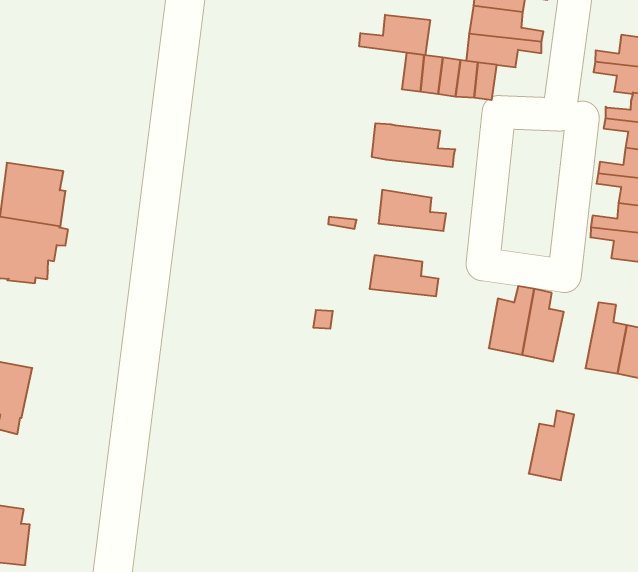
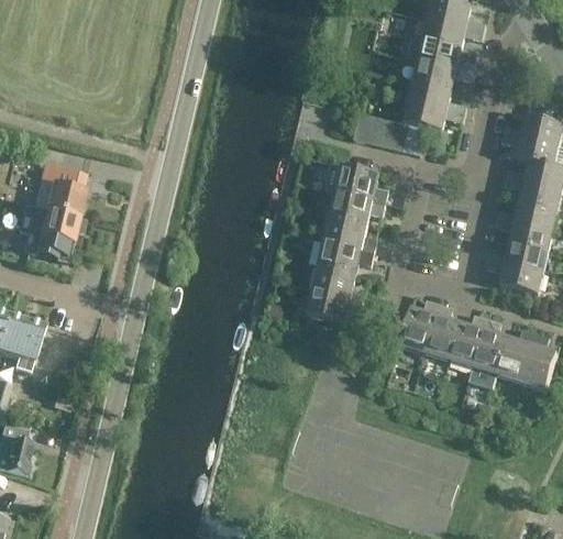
building: [359,15,430,55] -> none
building: none -> [329,191,385,224]
building: none -> [318,240,373,273]
building: none -> [306,289,362,323]
building: [529,411,574,480] -> [446,314,486,367]

